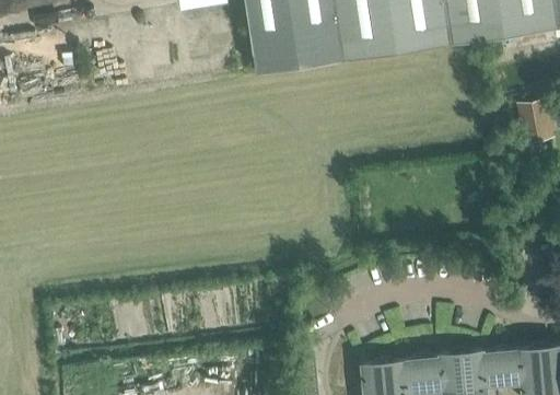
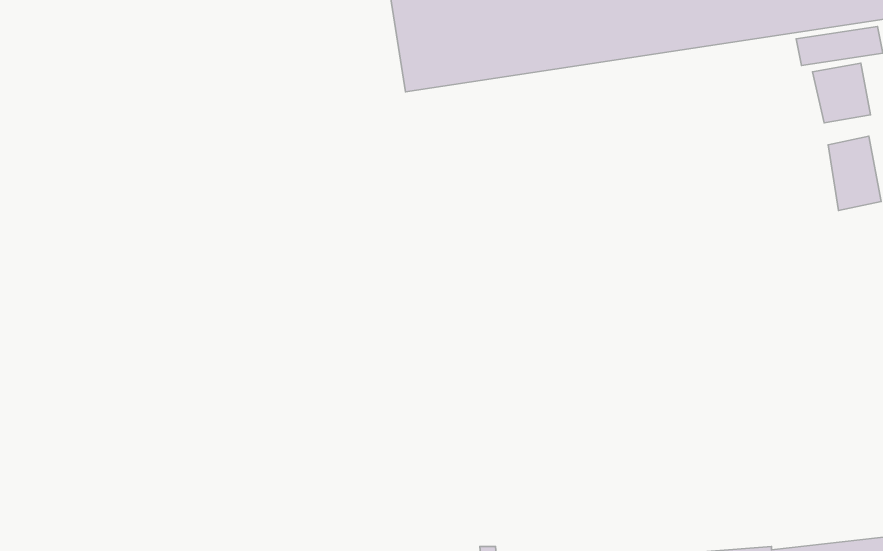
building: none -> [812,63,871,123]

